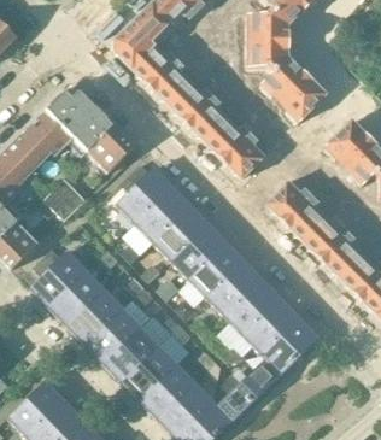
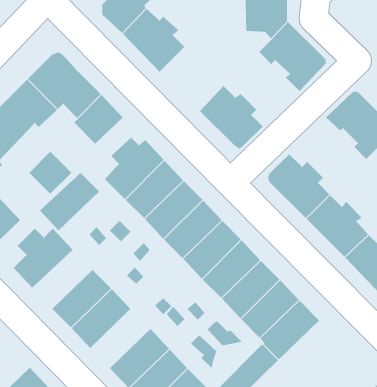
building: [168,80,228,140] -> none
building: [48,270,105,325] -> [39,172,100,231]
building: [102,325,159,381] -> none

